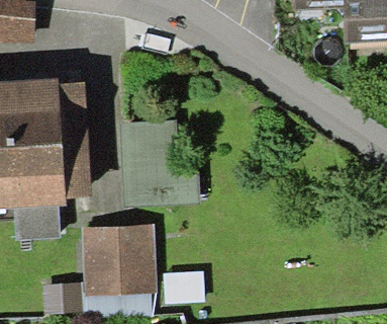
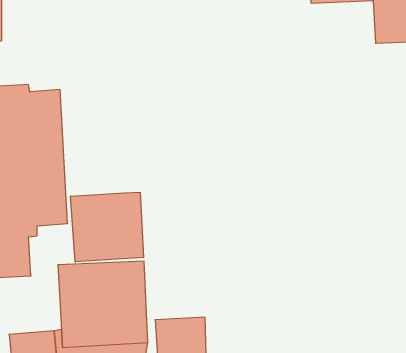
building: none -> [71,192,144,262]

